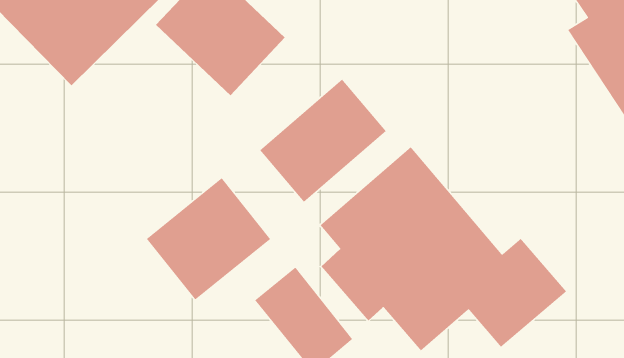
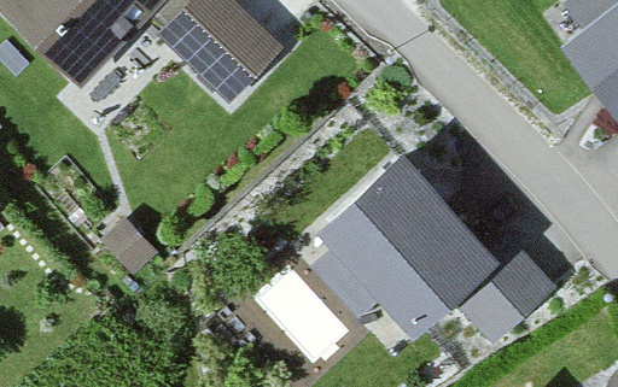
building: [259,79,387,203] -> none
building: [146,177,271,301] -> none

